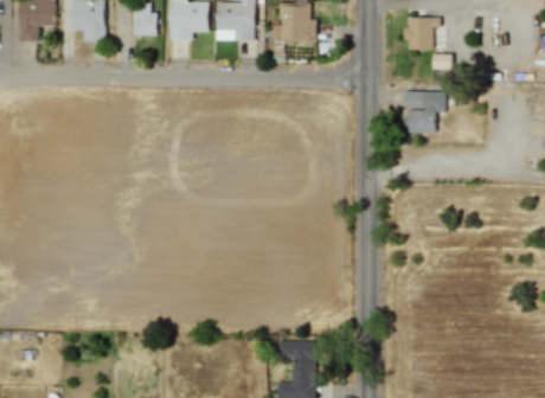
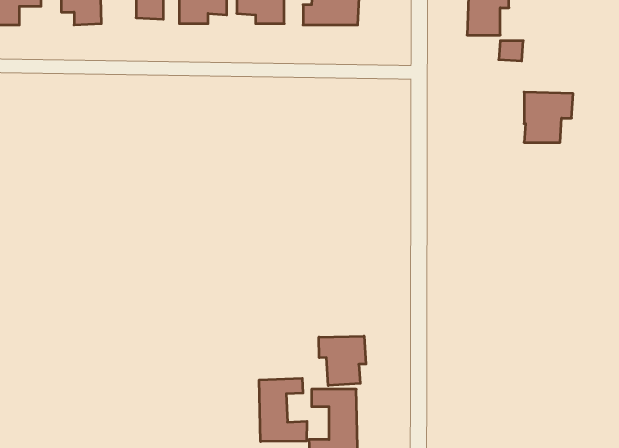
building: [405,91,445,133] -> [524,92,573,142]
building: none -> [319,336,366,386]
building: none -> [259,378,307,442]

